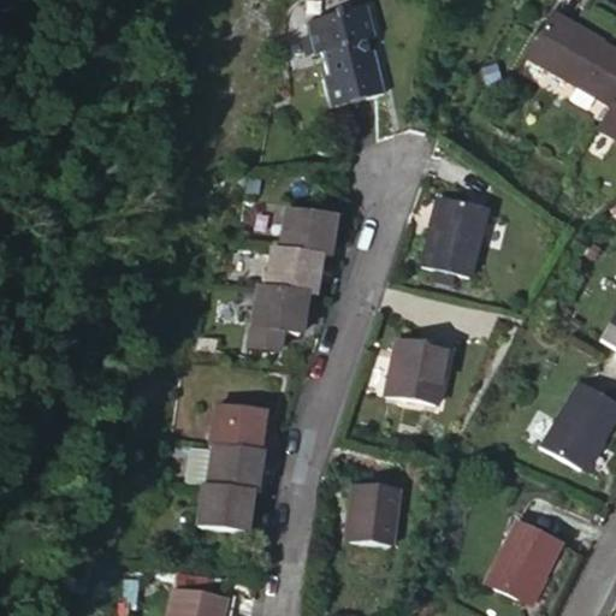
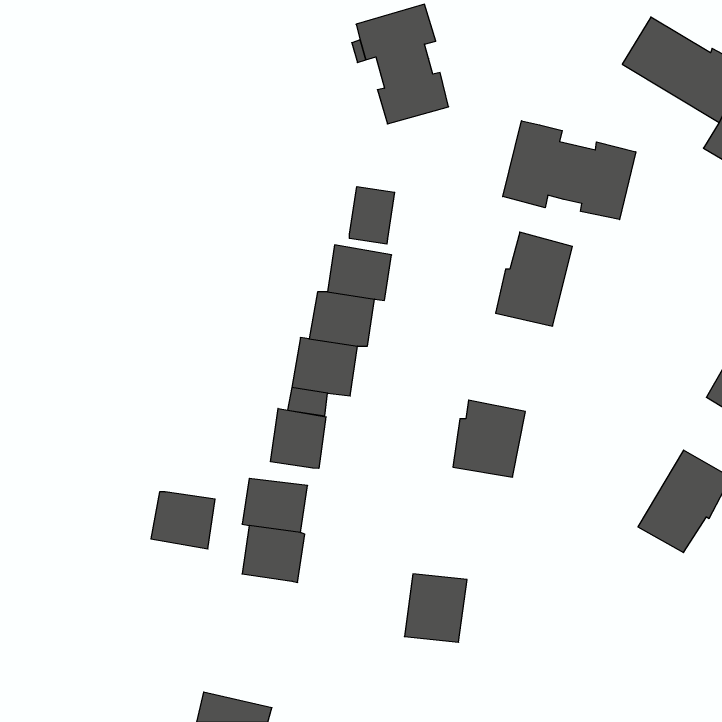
building: none -> [503,121,636,220]
building: none -> [349,187,395,244]
building: none -> [271,408,326,468]
building: [197,485,251,533] -> [151,492,215,549]
building: [487,519,562,603] -> none

